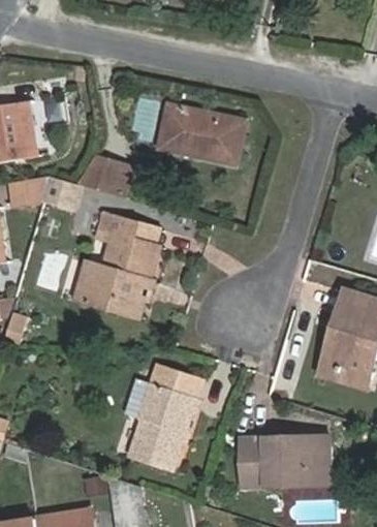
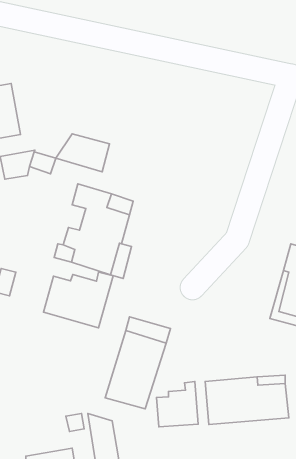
building: [151,103,237,163] -> none
building: none -> [43,272,113,328]
building: none -> [157,382,198,427]

